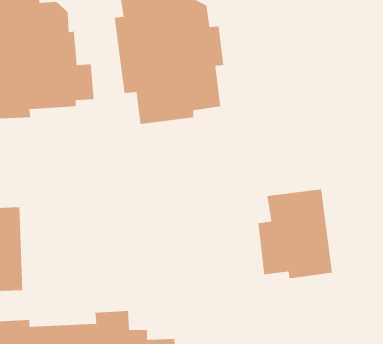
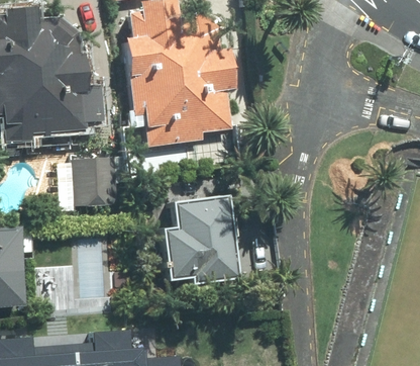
building: none -> [58,159,117,214]
building: [258,189,333,279] -> [167,192,242,283]

